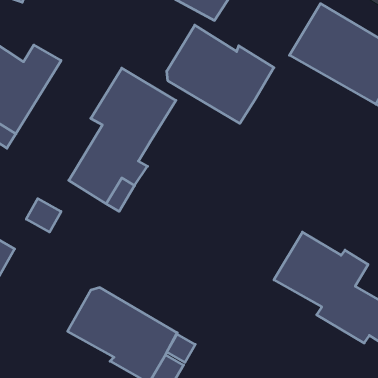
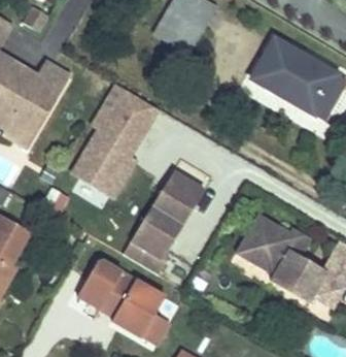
building: [167,25,274,123] -> none
building: none -> [124,170,203,274]

